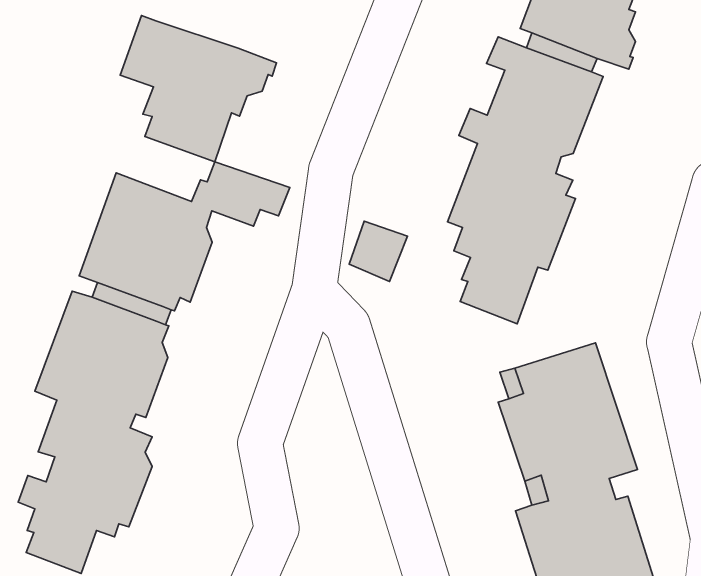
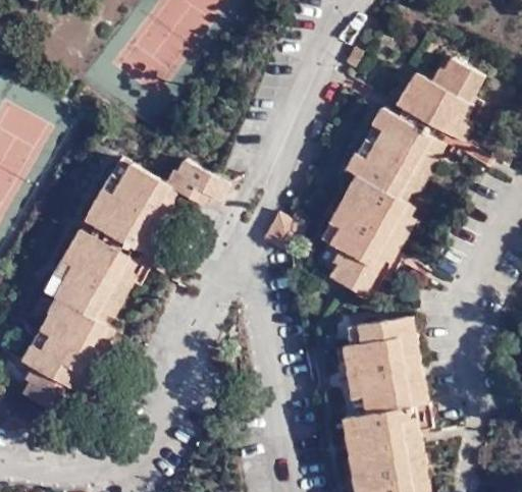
building: [120,16,277,162] -> none

